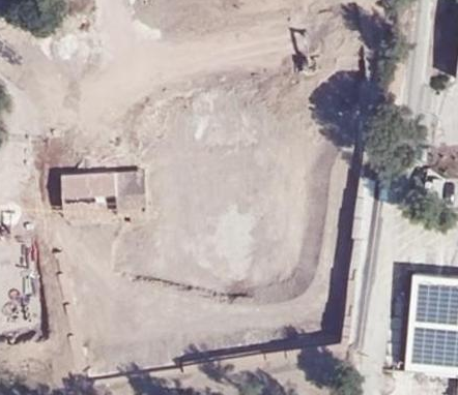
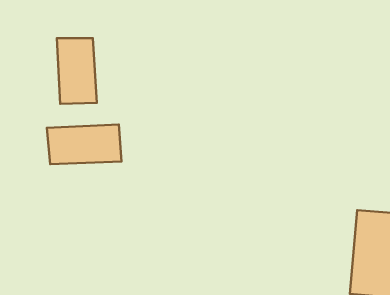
building: none -> [57,38,97,104]

